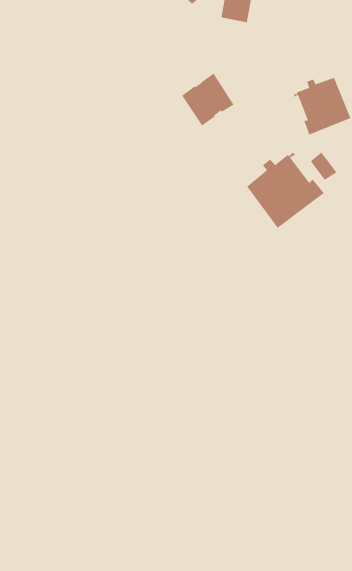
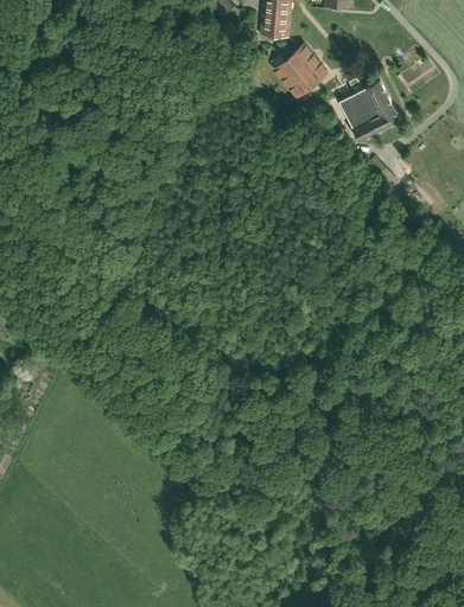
building: [181,72,234,127] -> [274,44,328,98]
building: [246,152,325,229] -> none

